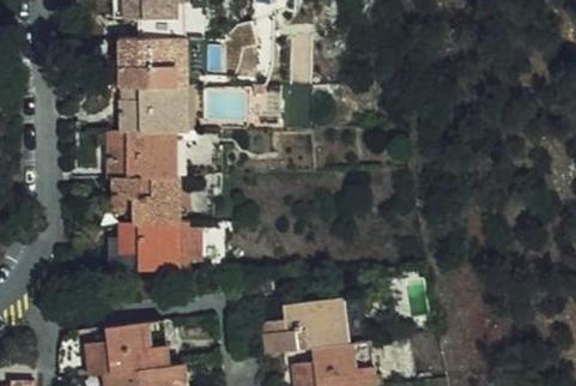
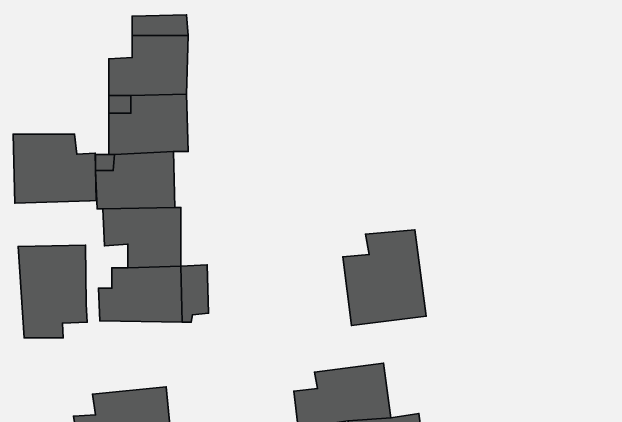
building: none -> [13,134,96,203]
building: none -> [343,230,426,326]
building: none -> [18,245,87,338]

